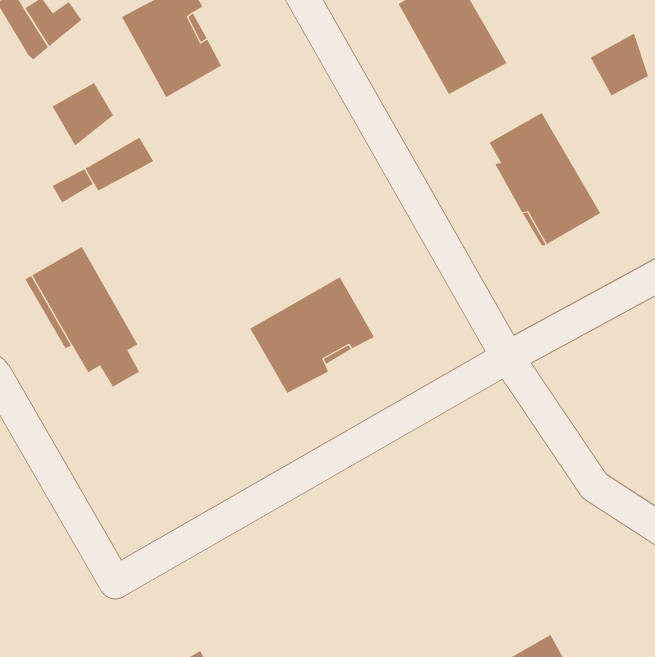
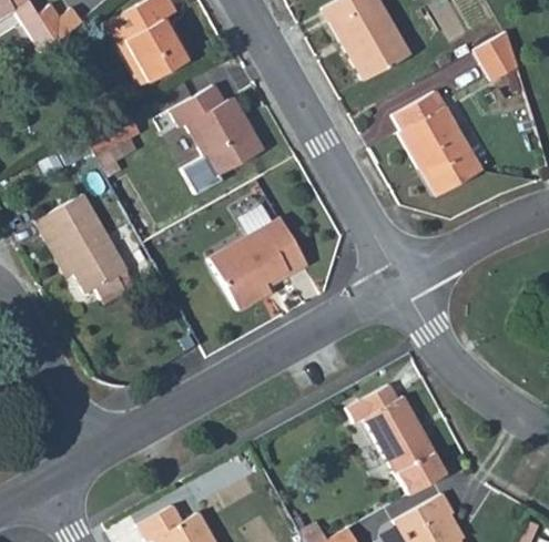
building: [52,82,114,146] -> none
building: none -> [171,84,263,175]
building: none -> [349,386,448,493]

